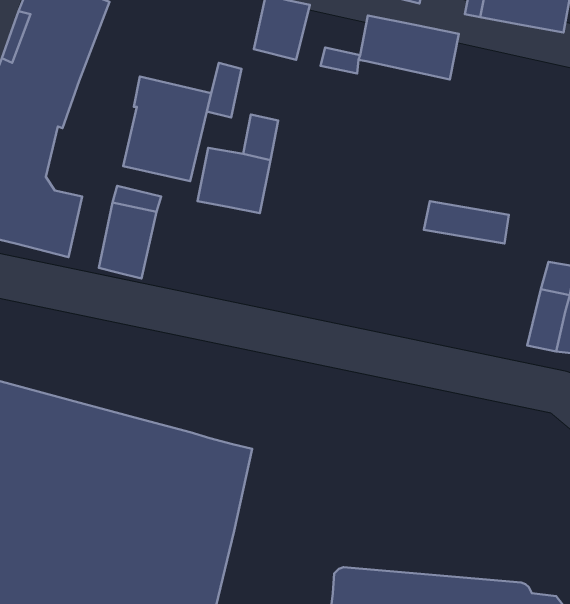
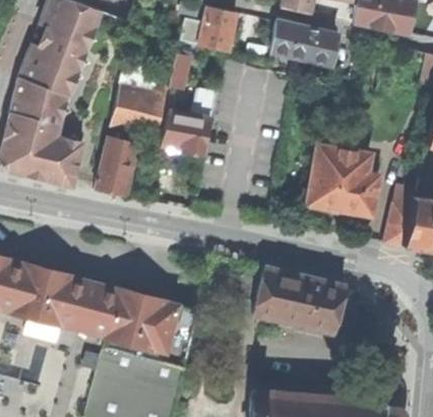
building: none -> [307,165,377,216]
building: none -> [254,269,347,334]

